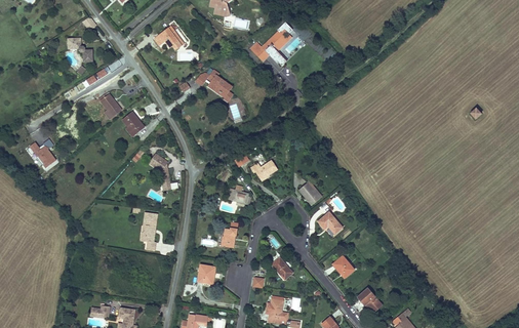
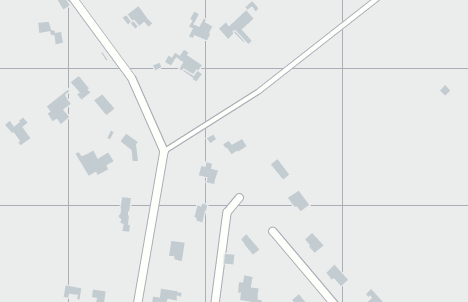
building: none -> [188,11,213,41]
building: none -> [46,88,72,125]
building: none -> [74,150,115,177]

